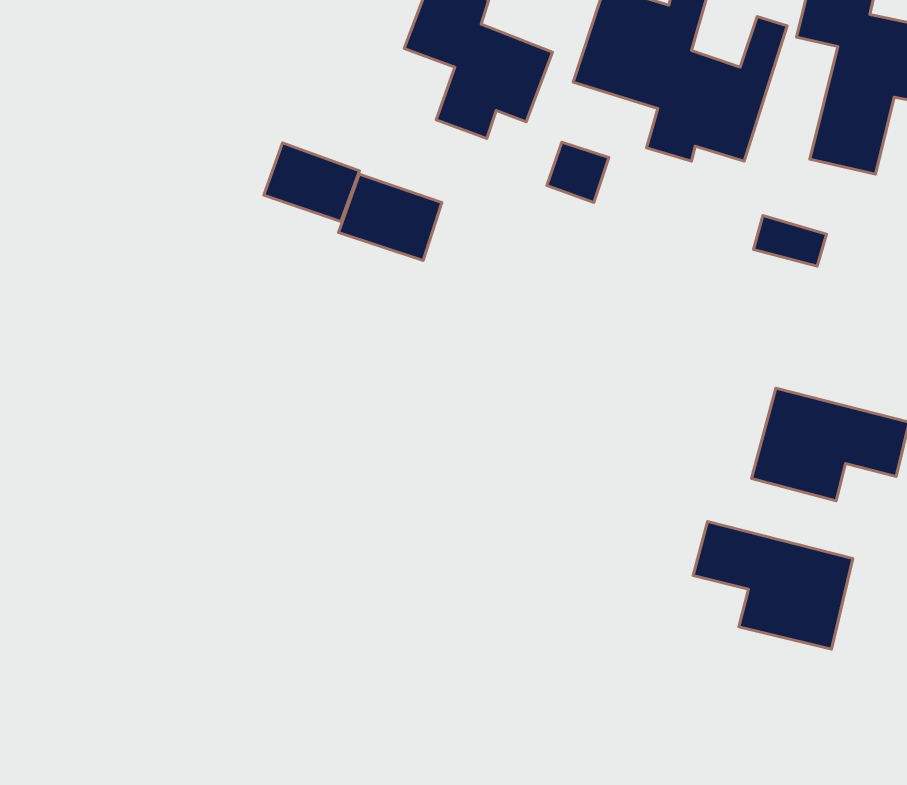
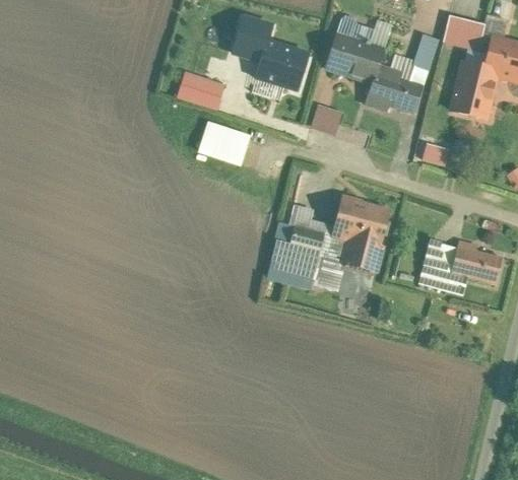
building: [264,143,360,222] -> [174,68,225,111]
building: none -> [267,195,395,291]
building: [693,522,853,649] -> none

